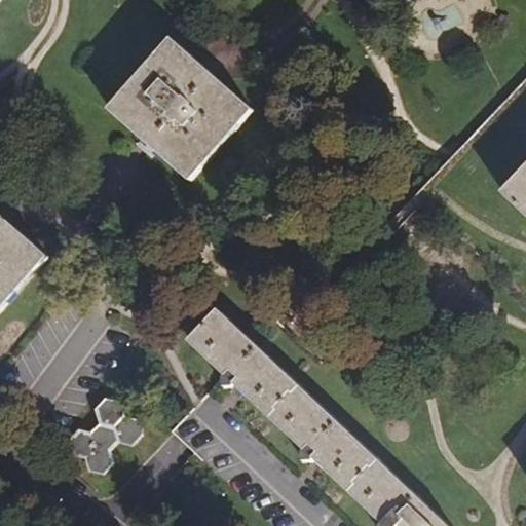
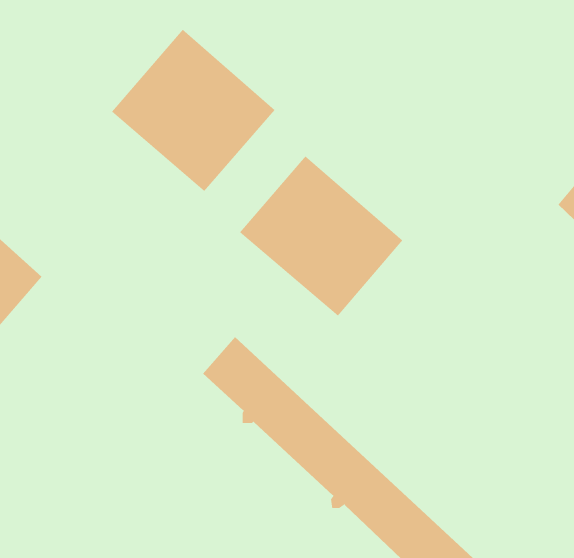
building: none -> [239,156,403,317]
building: [66,398,139,472] -> none

